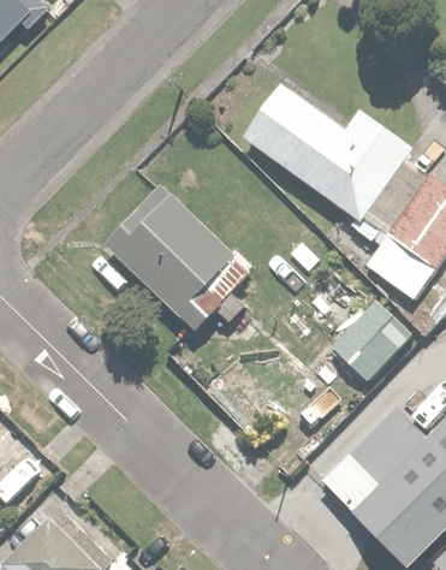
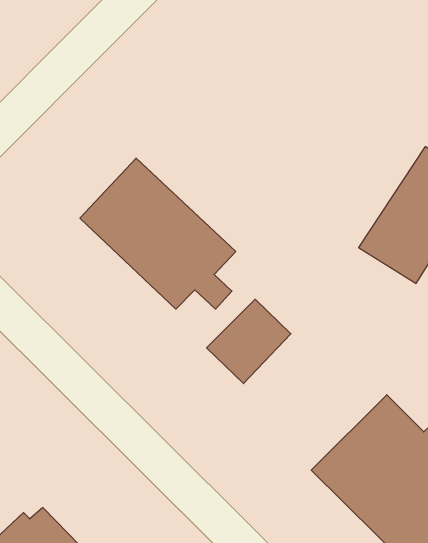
building: [239,81,417,225] -> none
building: [333,301,412,380] -> [207,299,291,384]

